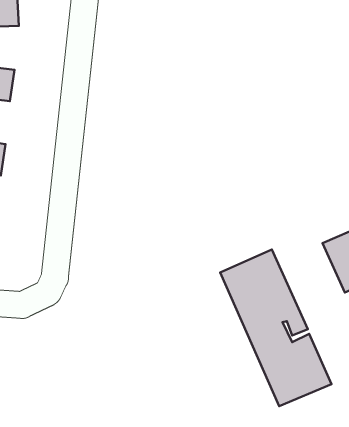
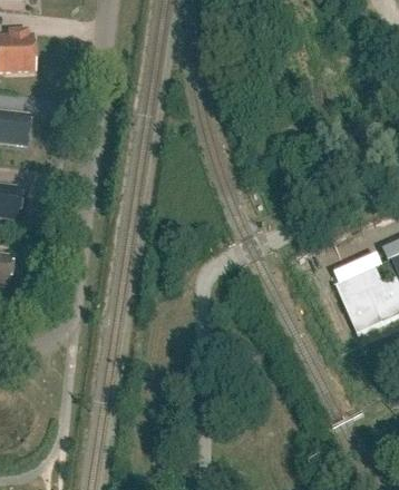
building: [220,249,332,406] -> none

